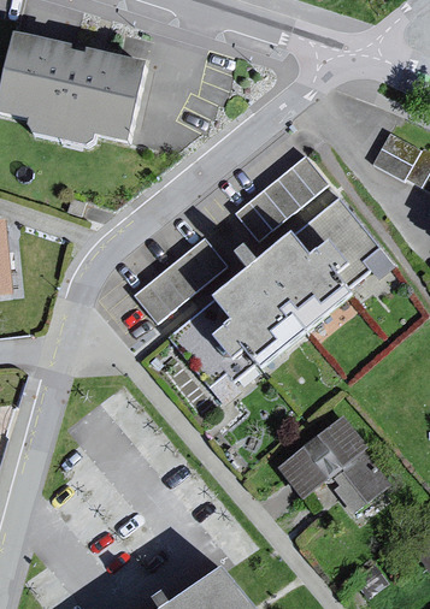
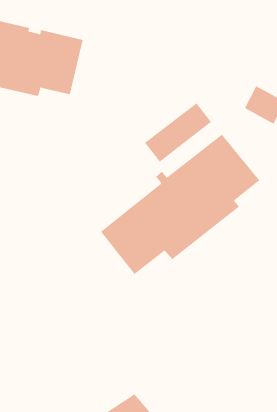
building: [132,236,229,323] -> none
building: [279,419,383,514] -> none

